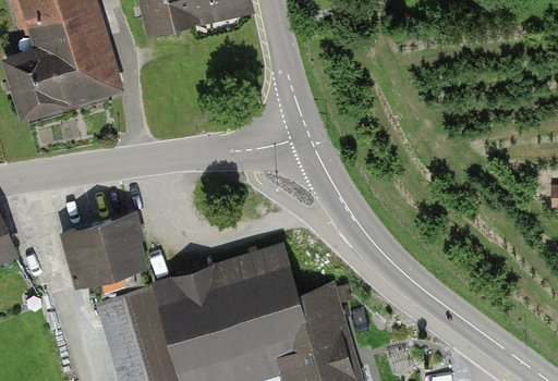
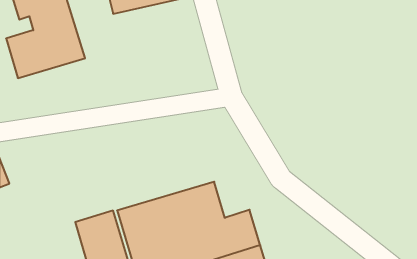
building: [65,216,150,302] -> none

